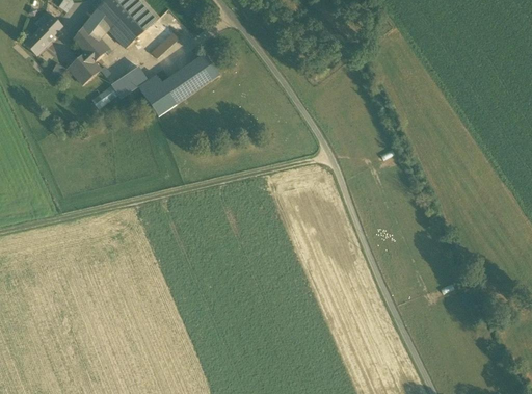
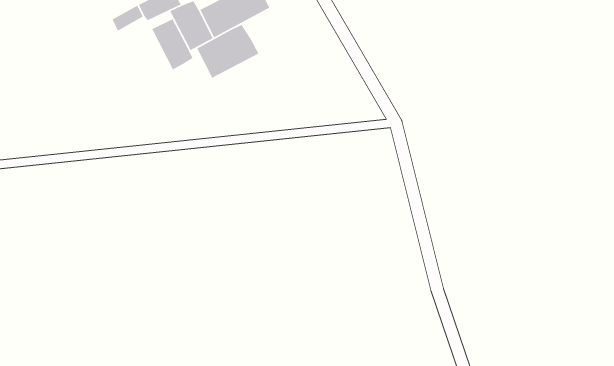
building: none -> [196,24,260,79]
building: none -> [151,18,194,71]

